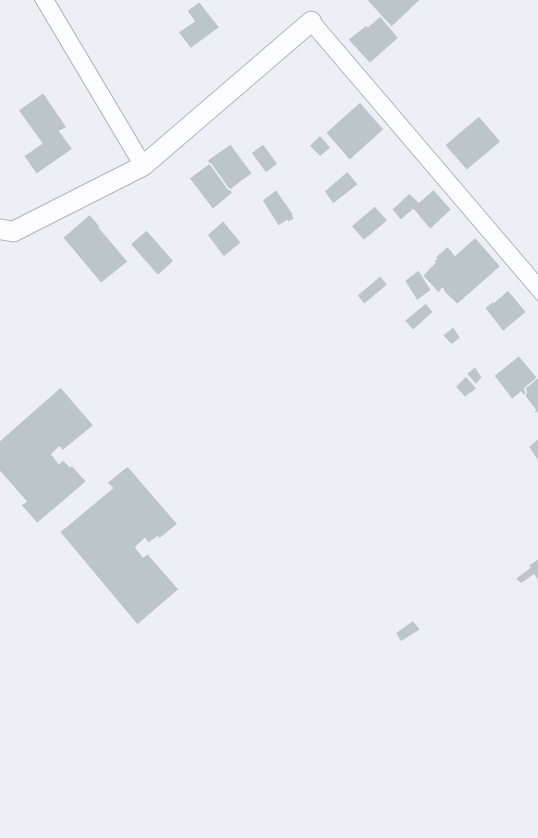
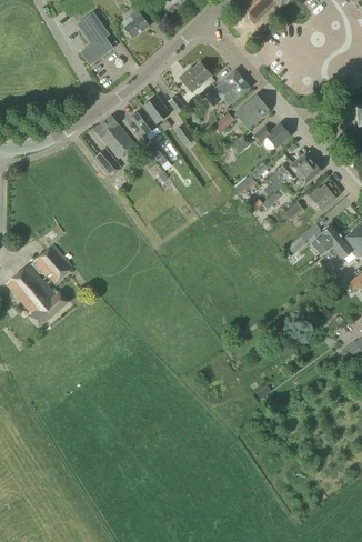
building: [348,16,399,63] -> [180,62,211,91]
building: [18,92,73,175] -> [79,13,112,63]
building: [445,116,501,171] -> [235,94,270,128]
building: [62,214,128,283] -> [95,116,135,158]
building: [60,466,179,625] -> none

